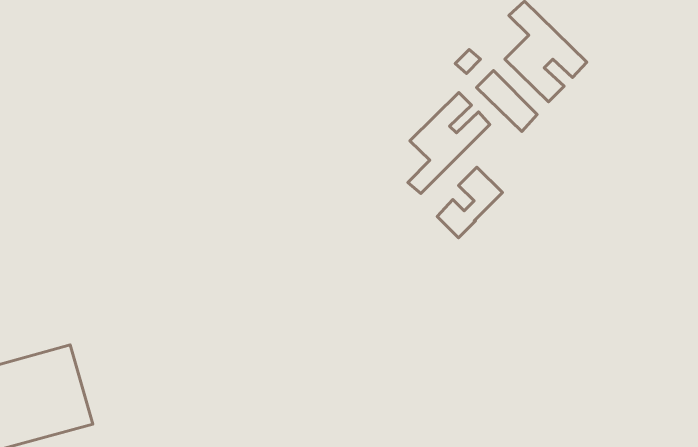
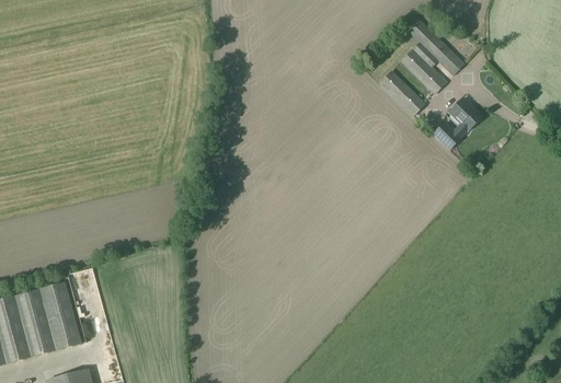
building: [408,93,490,194] -> none
building: [437,167,502,238] -> [432,96,482,151]

